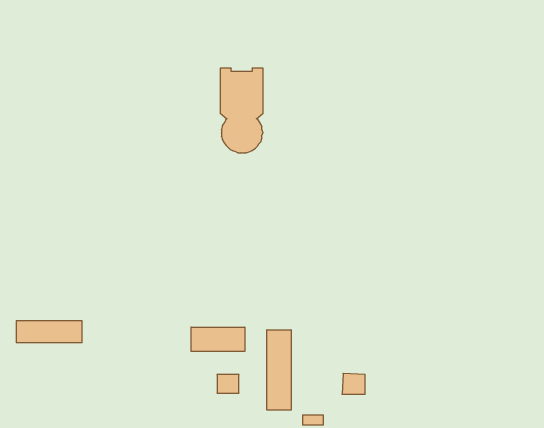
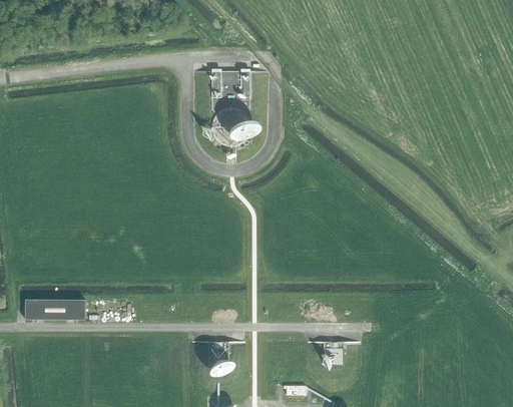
building: [191,327,245,351] -> none
building: [267,330,291,410] -> none

